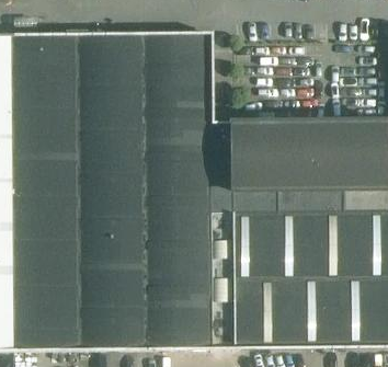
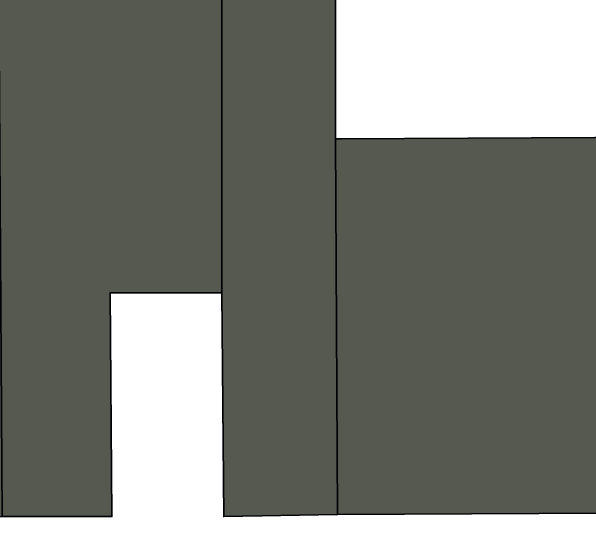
building: [77,215,145,348] -> none

